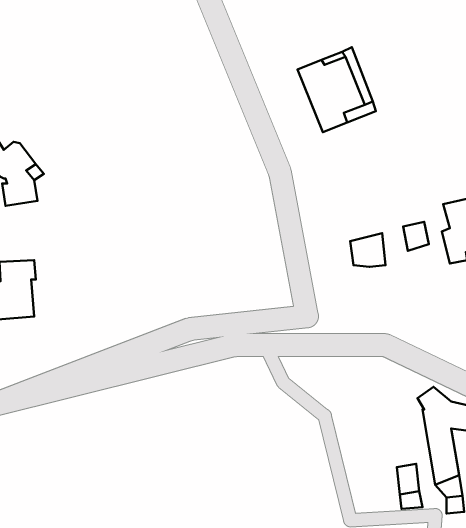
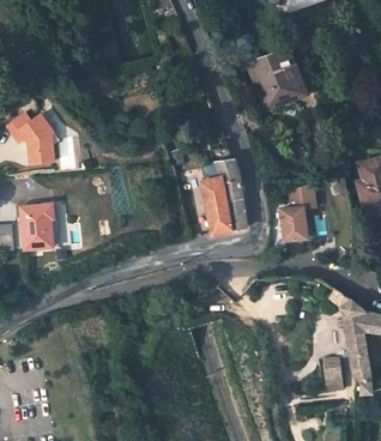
building: none -> [201,159,246,234]
building: none -> [278,209,306,242]

